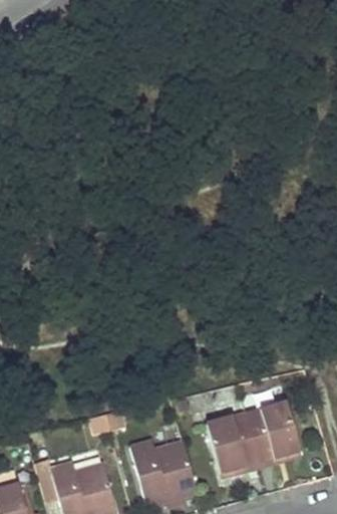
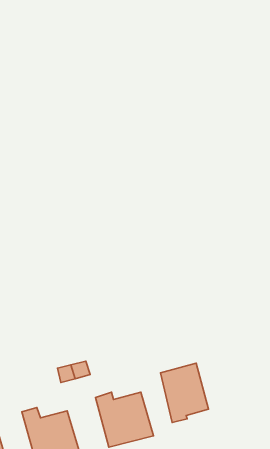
building: [247,402,301,464] -> none

